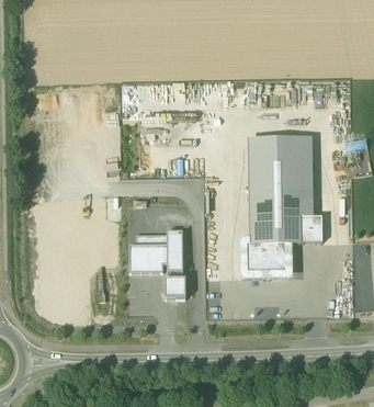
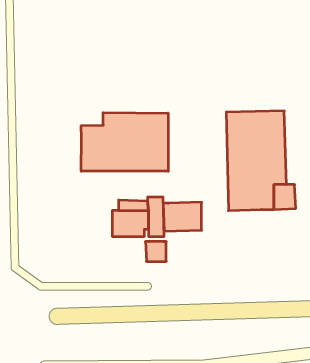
building: none -> [81,113,168,171]
building: [246,244,286,274] -> [163,202,202,231]

